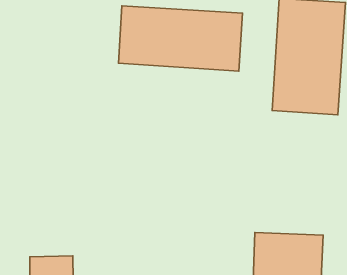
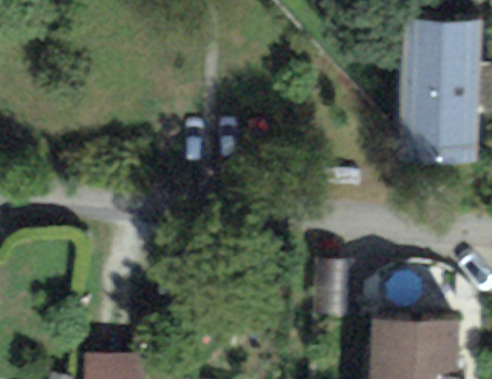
building: [118,6,243,71] -> none

